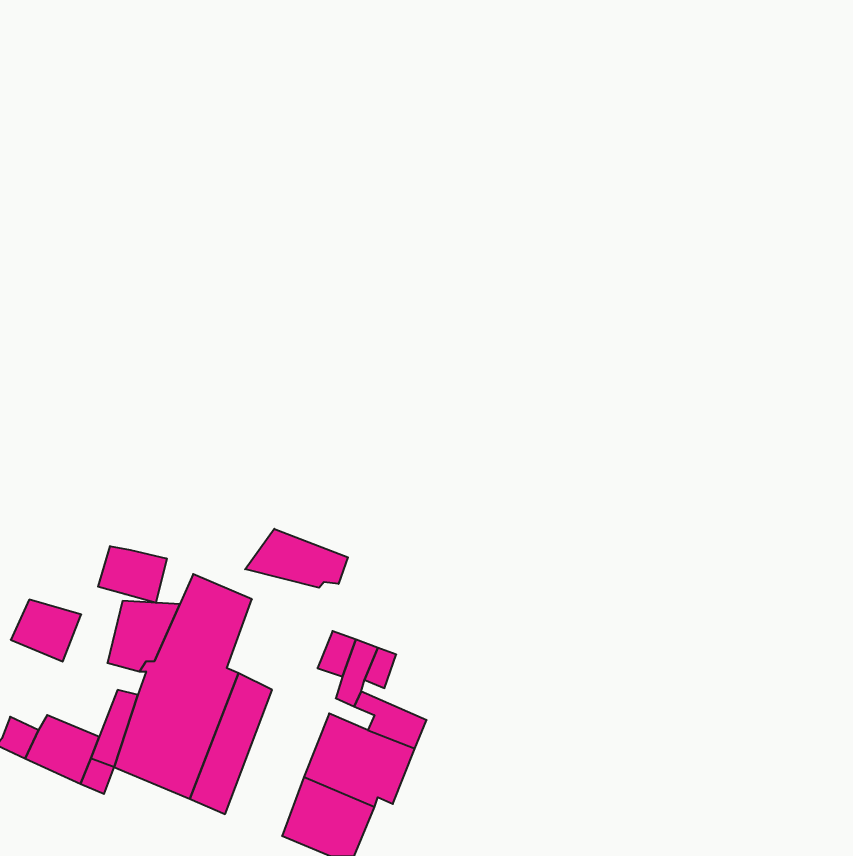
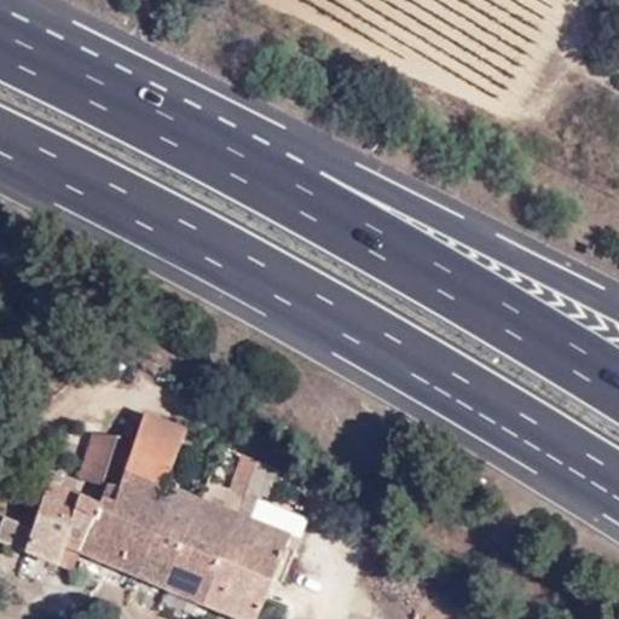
building: [245,529,348,588] -> none
building: [98,546,167,603] -> none
building: [11,600,81,662] -> [34,486,85,531]
building: none -> [162,497,237,602]

